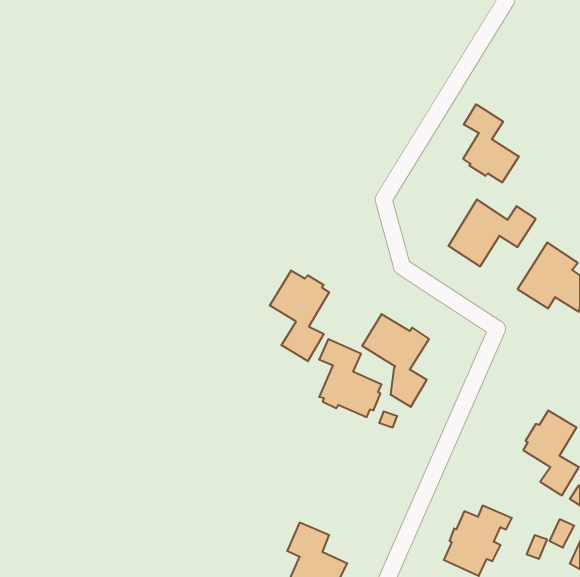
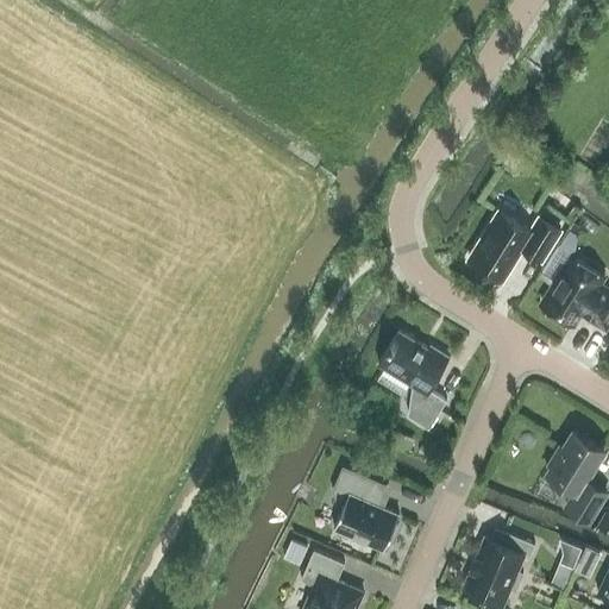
building: [463,104,519,183] -> none
building: [270,270,329,361] -> none
building: [319,339,382,417] -> [334,469,400,551]

